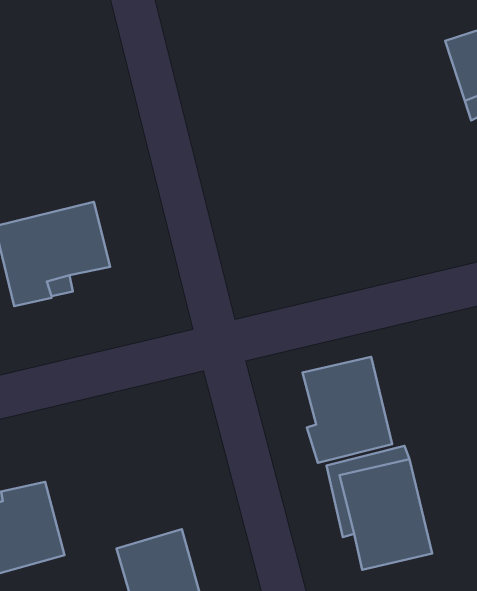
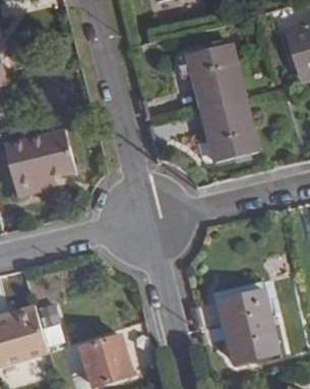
building: none -> [187,43,258,163]
building: [302,357,392,463] -> none

